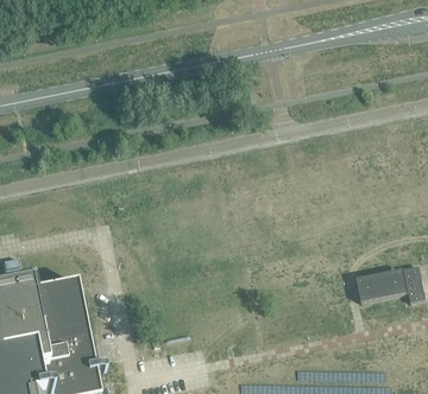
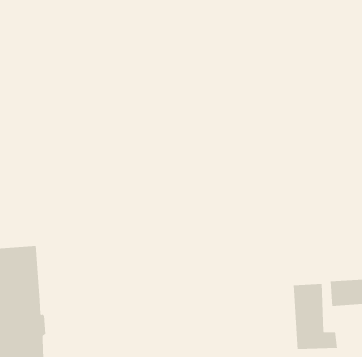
building: none -> [293,283,337,350]

